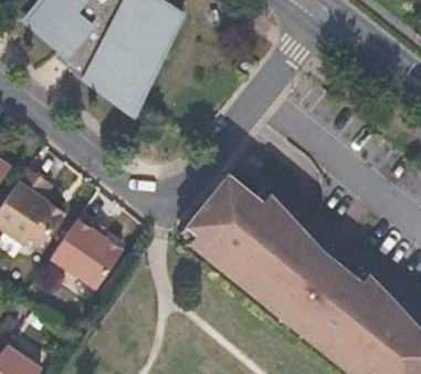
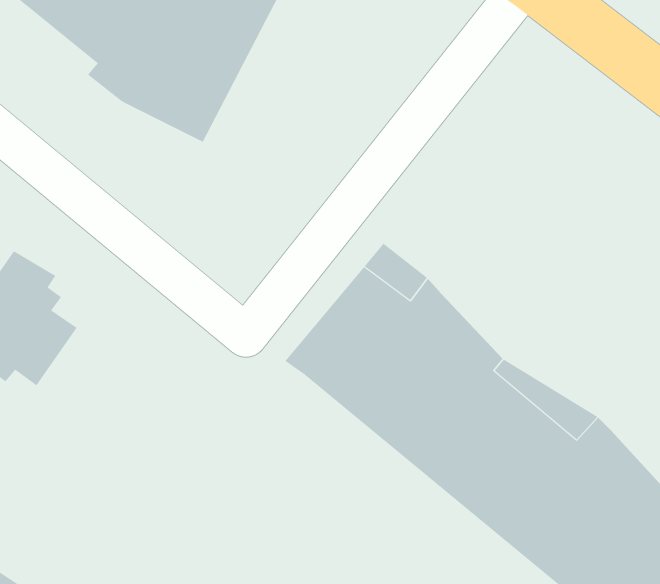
building: [50,216,120,291] -> none

